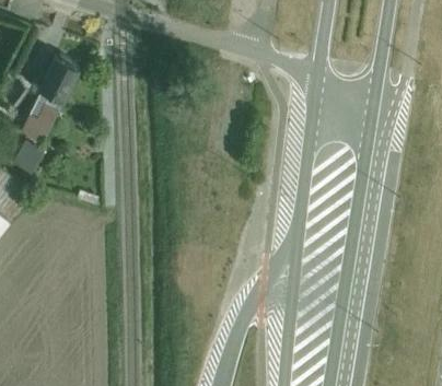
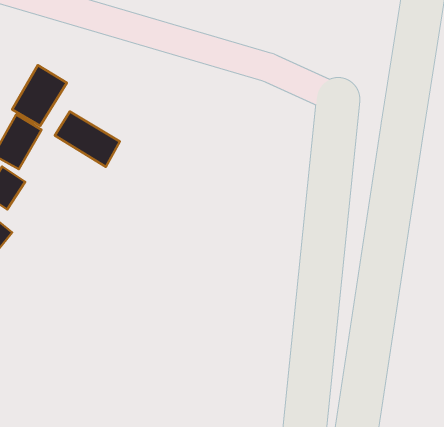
building: none -> [55,112,120,167]

